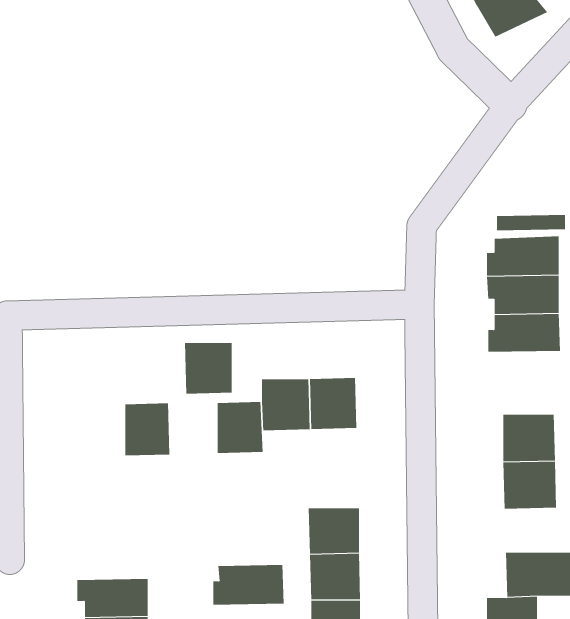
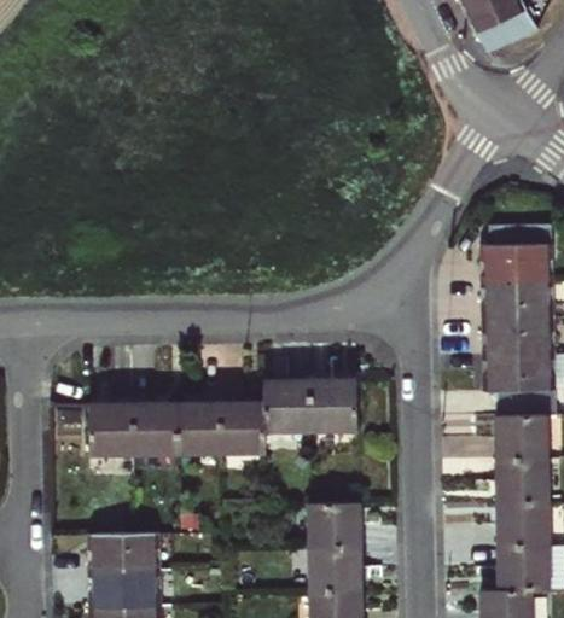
building: [184,342,232,394] -> [176,403,222,453]
building: none -> [481,354,551,414]
building: none -> [89,404,134,454]
building: none -> [496,503,547,546]
building: [212,565,284,605] -> [88,534,157,572]

